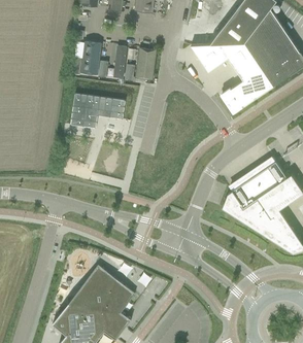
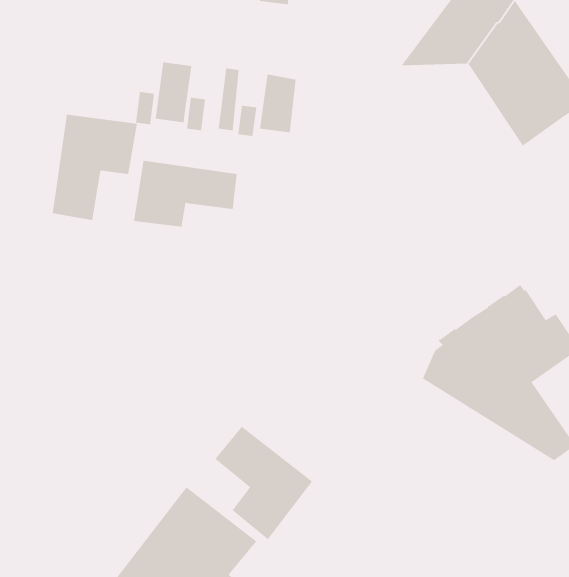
building: [191,43,274,113] -> none
building: none -> [52,114,137,221]
building: none -> [214,426,313,540]

